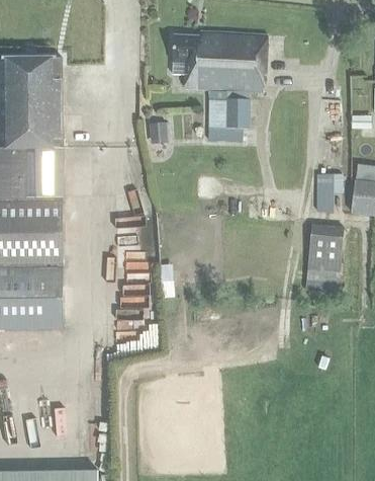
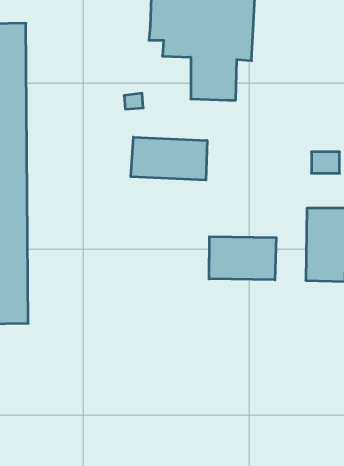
building: none -> [131,137,207,180]
building: none -> [209,237,276,280]

